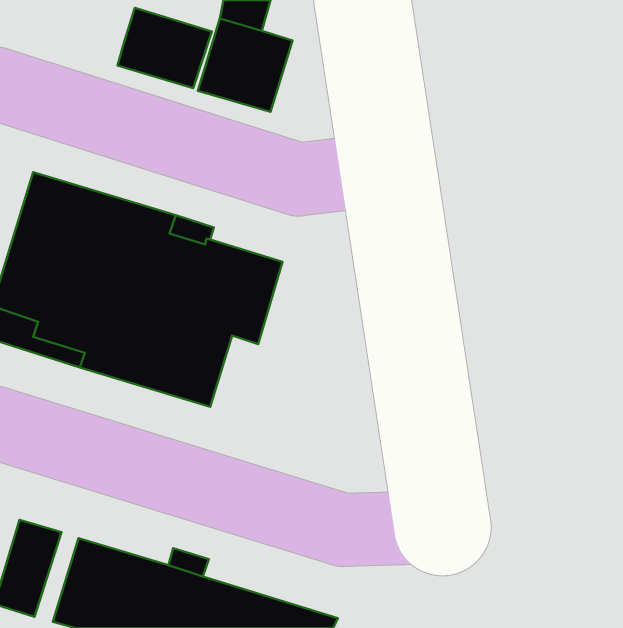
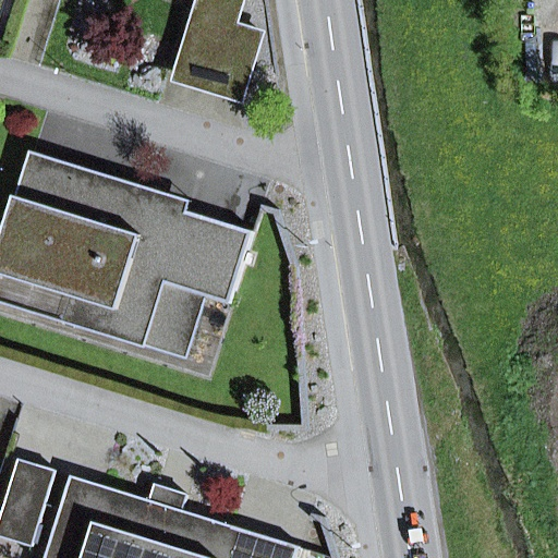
building: [117,8,212,88] -> none

